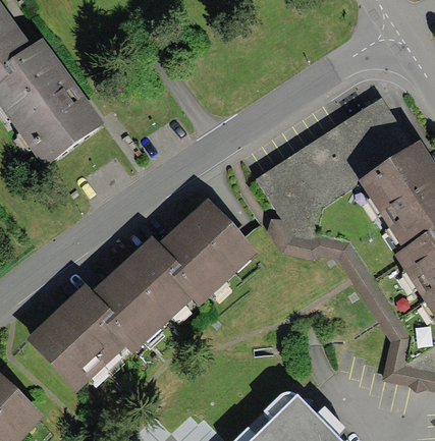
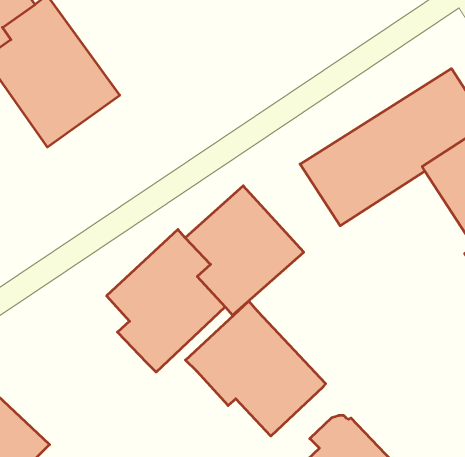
building: [25,284,125,393] -> none
building: none -> [185,301,326,436]

